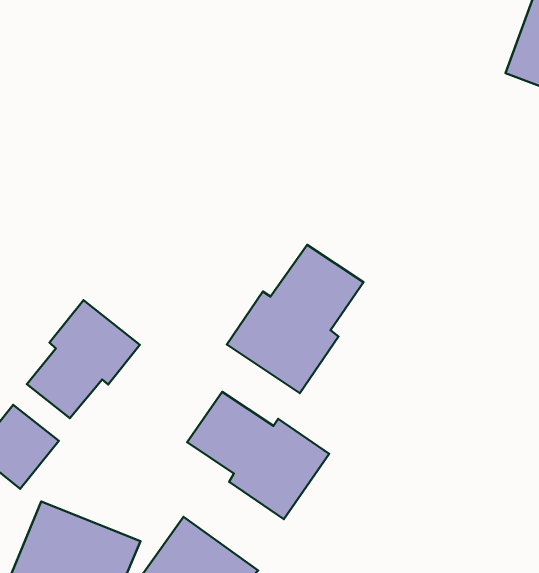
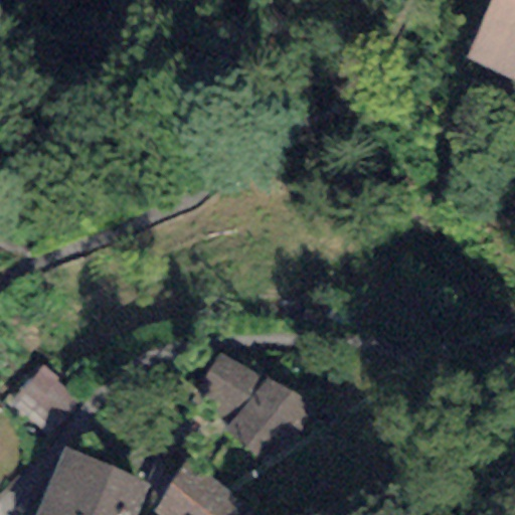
building: [227,245,363,393] -> none
building: [27,300,140,418] -> none

